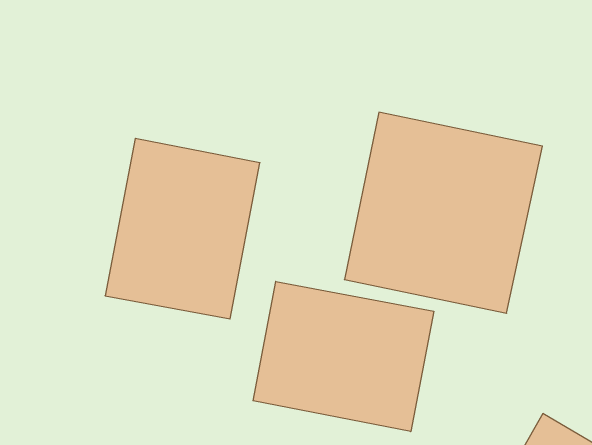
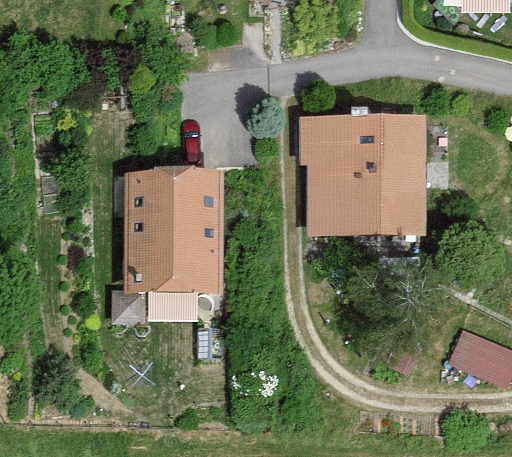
building: [253,281,434,432] -> none

